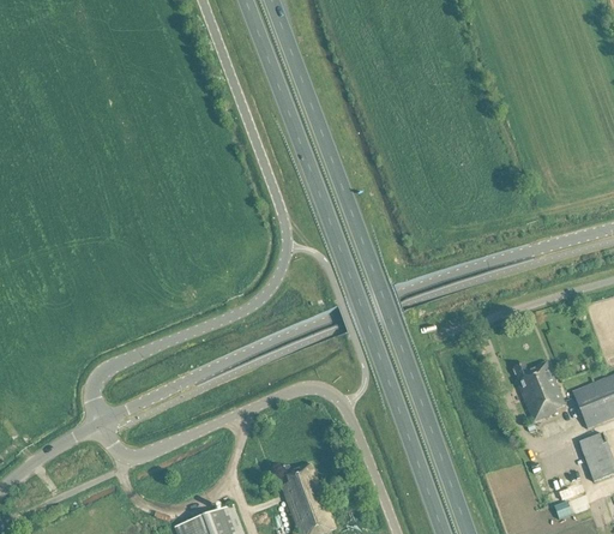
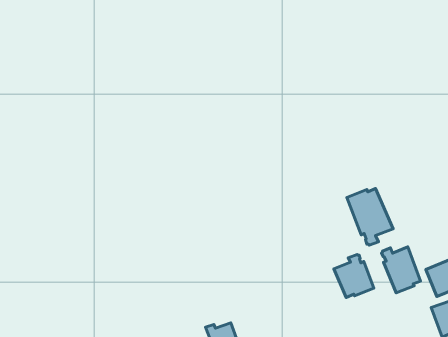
building: none -> [347,188,393,245]
building: none -> [334,255,374,297]

